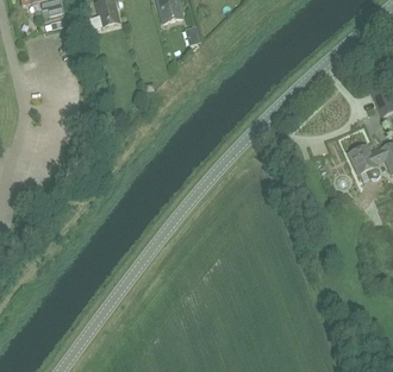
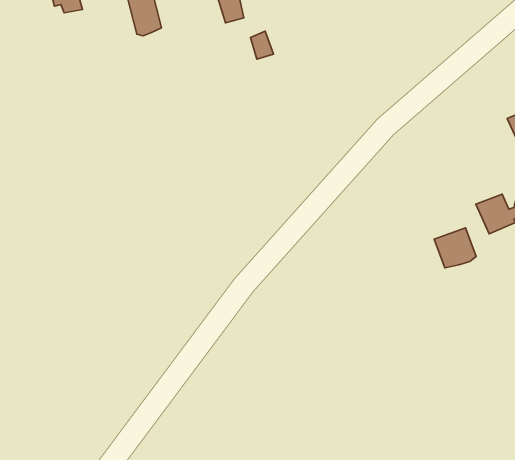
building: none -> [434,228,476,268]

